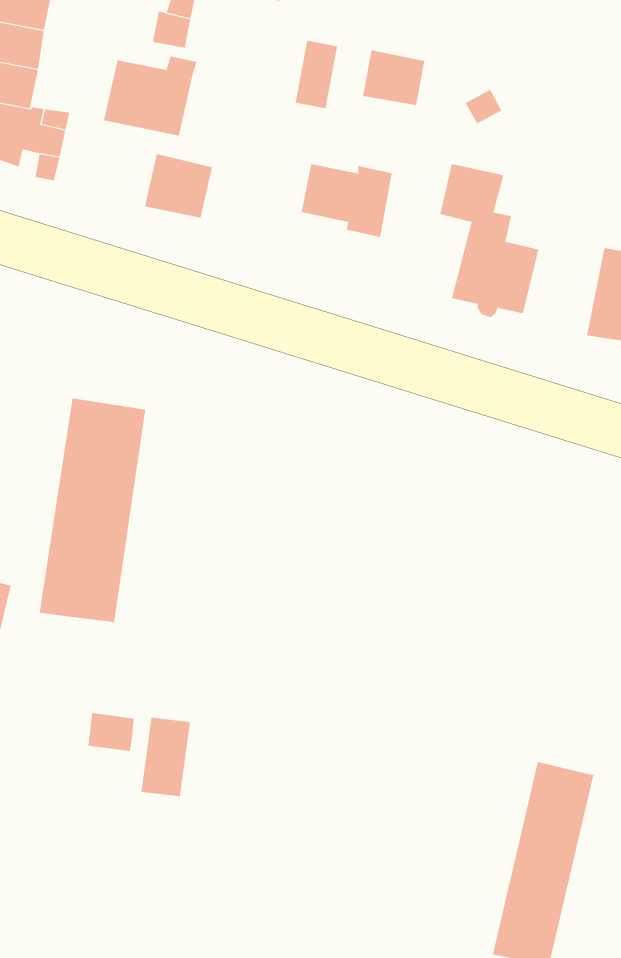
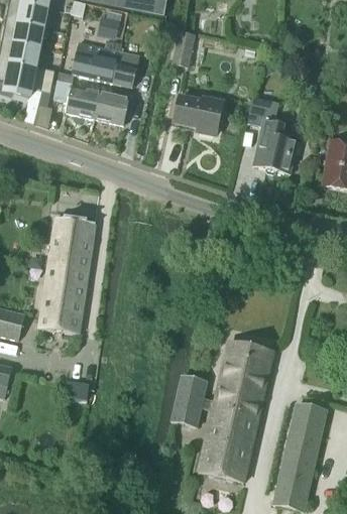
building: [362,50,425,106] -> none
building: none -> [112,50,138,87]
building: none -> [54,82,100,118]
building: none -> [171,343,272,482]
building: [141,717,190,797] -> none

